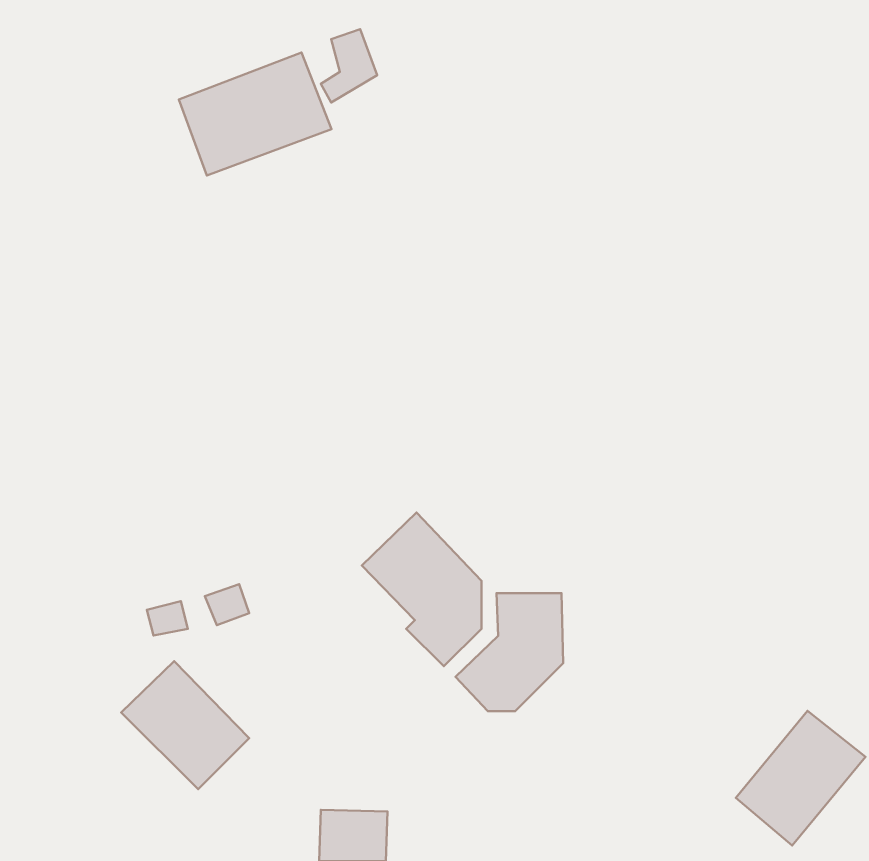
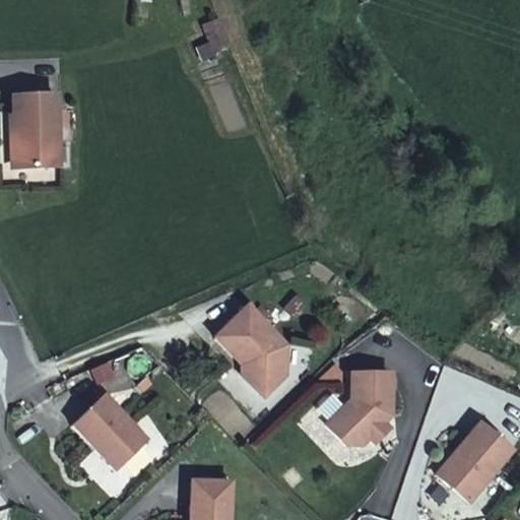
building: [179,53,331,175] -> none
building: none -> [14,89,59,162]
building: [456,593,563,711] -> [328,374,392,444]

